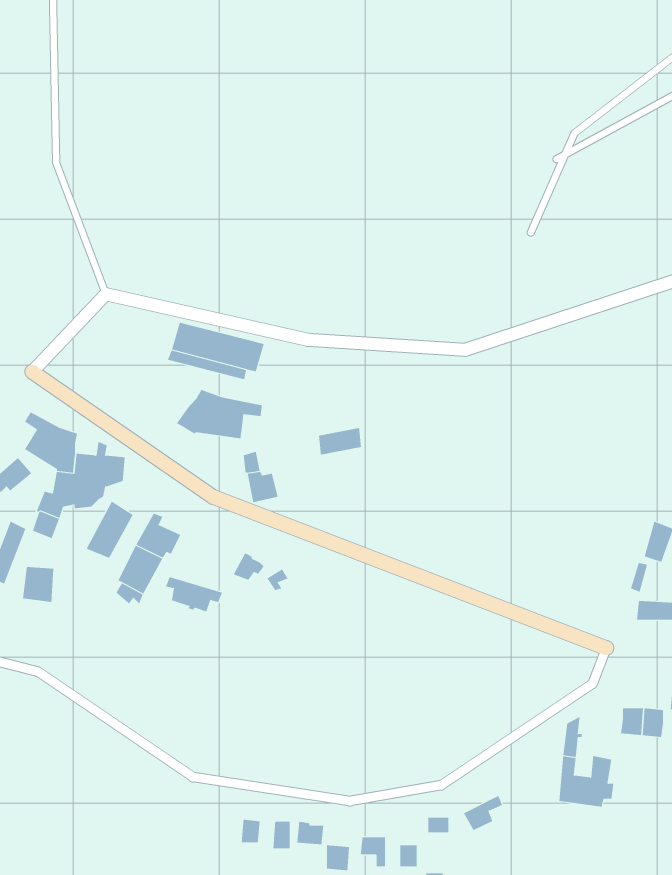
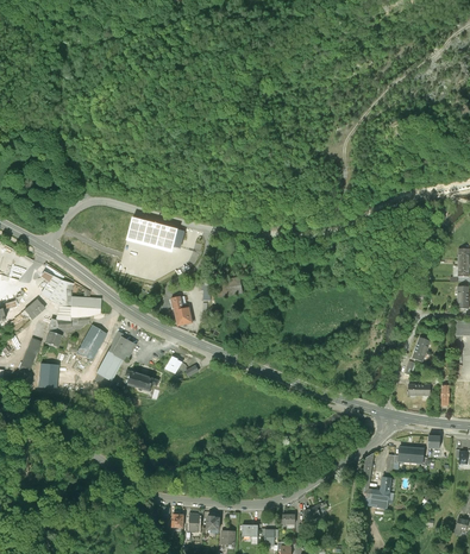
building: [176,389,262,439] -> none

